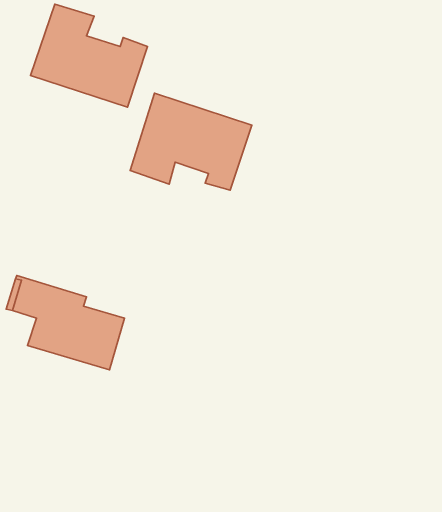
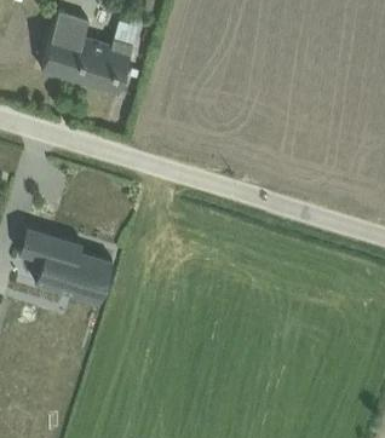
building: [130,93,252,190] -> none

